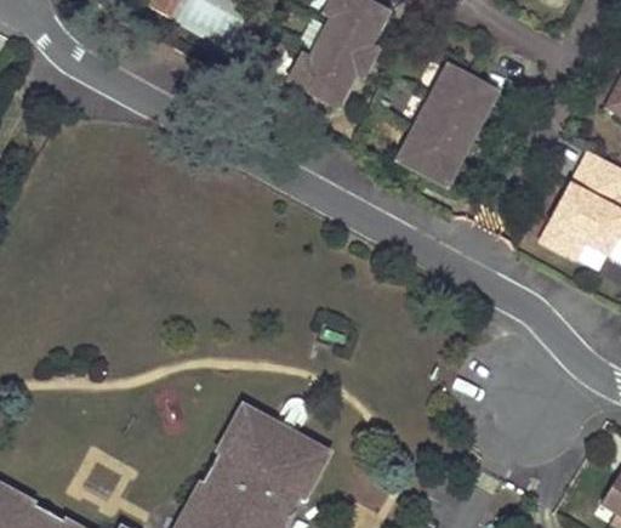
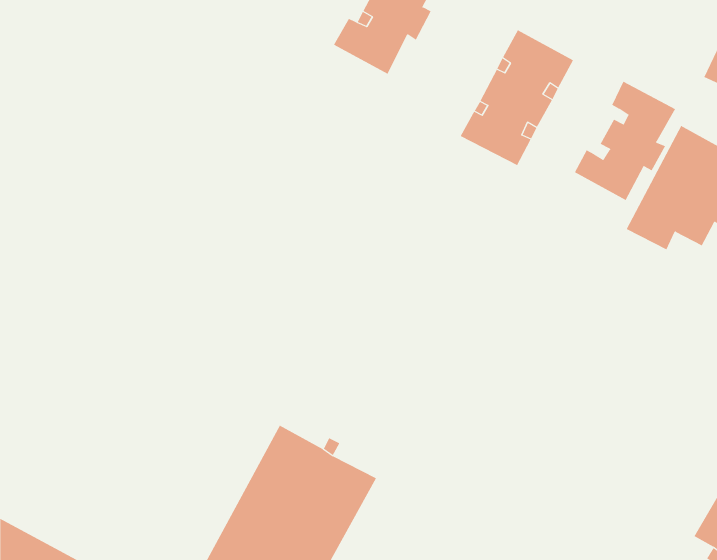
building: none -> [574,81,676,201]

